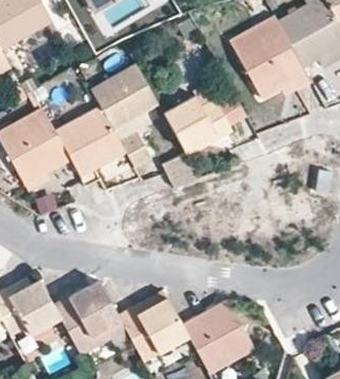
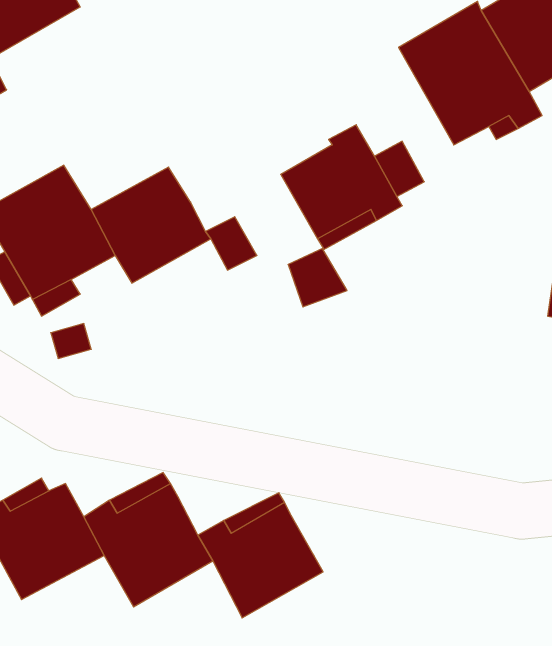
building: [91,64,159,128] -> none
building: [183,302,253,372] -> none

